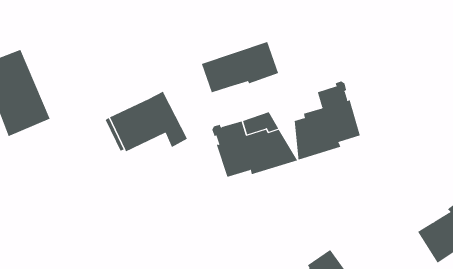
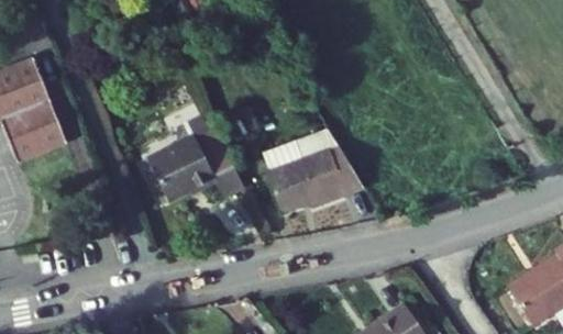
building: [201,41,279,93] -> none
building: [294,81,361,160] -> none

